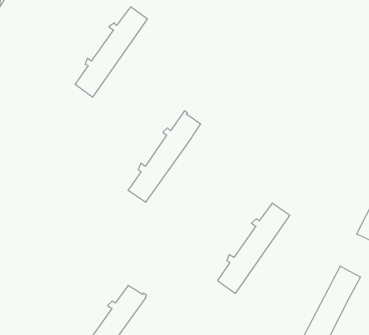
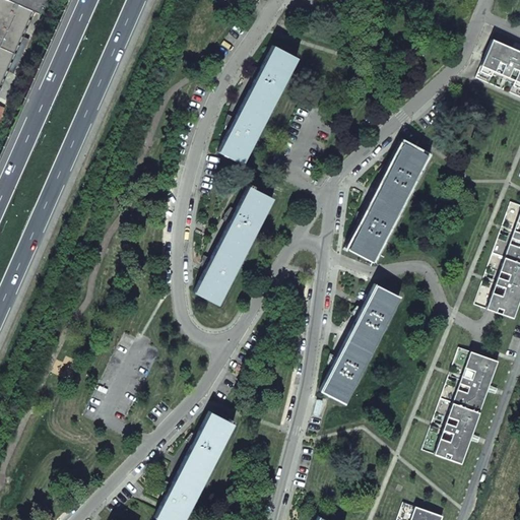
building: [75,7,147,97] -> [218,47,298,166]
building: none -> [348,143,428,262]

